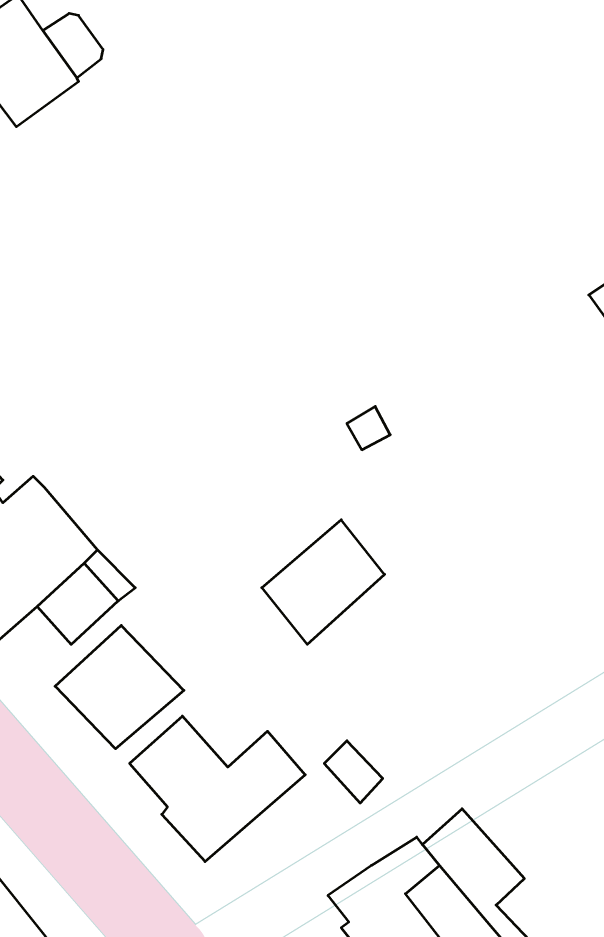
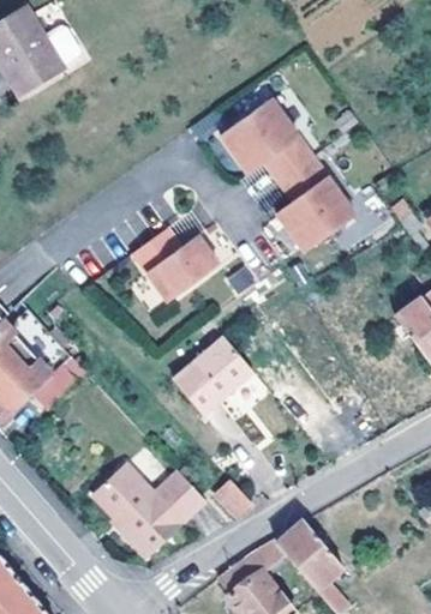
building: none -> [220,100,355,252]
building: none -> [134,225,221,300]
building: [55,625,184,749] -> none

